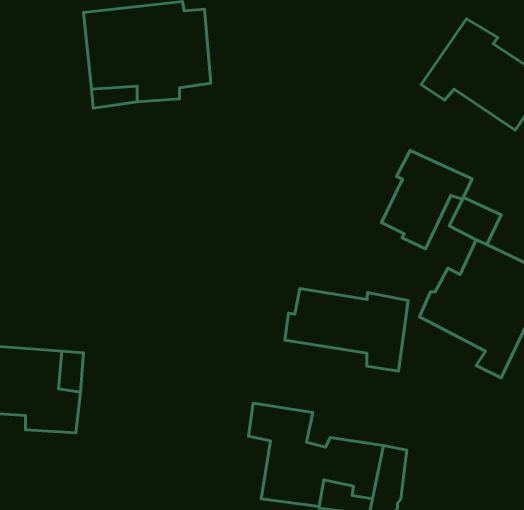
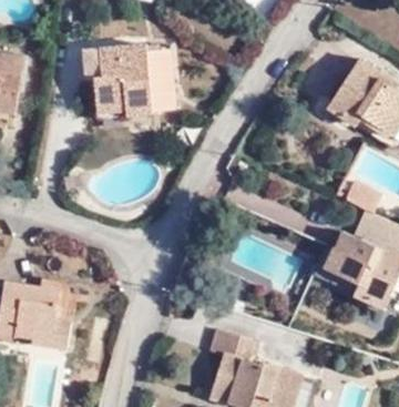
building: [382,151,472,249] -> none
building: [285,288,408,371] -> none

